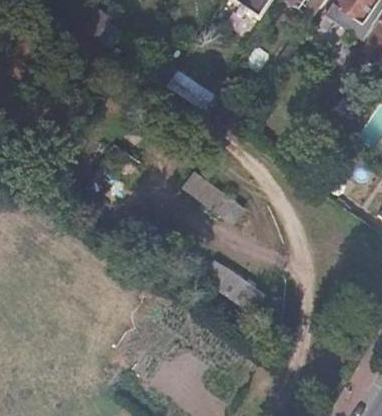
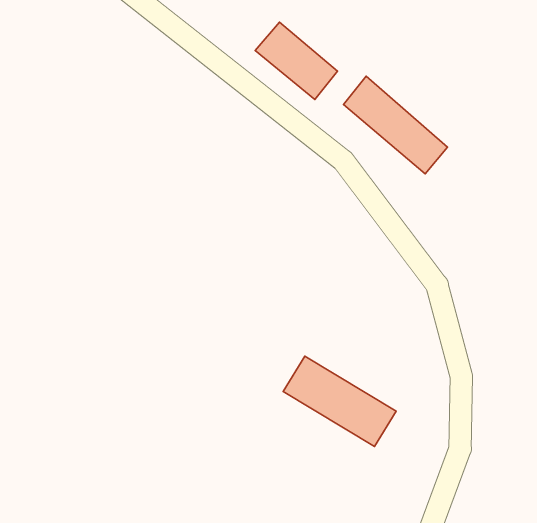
building: [180,171,244,226] -> [343,76,448,174]

